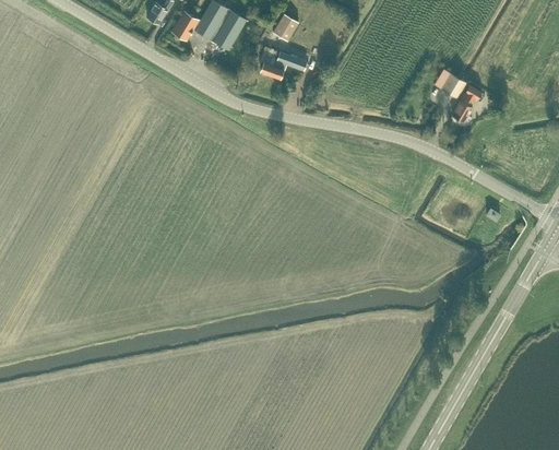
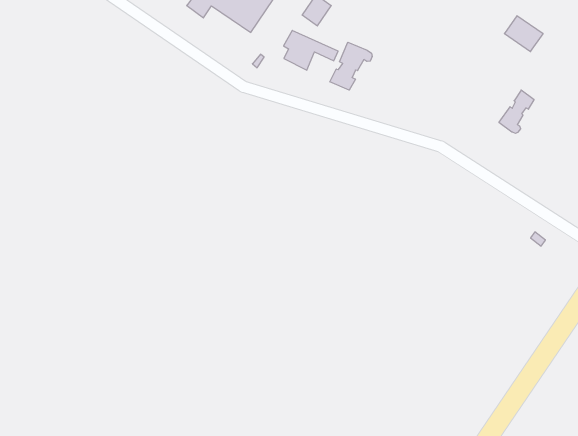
building: none -> [330,42,372,90]
building: [432,69,466,99] -> [504,16,543,52]

